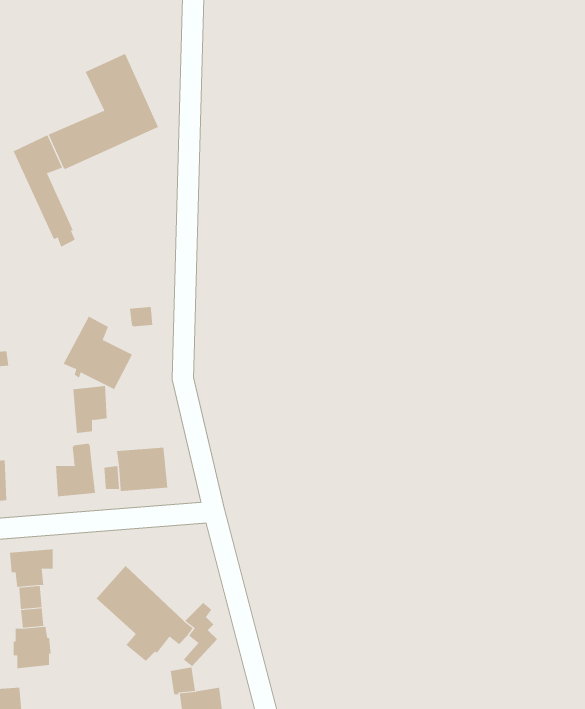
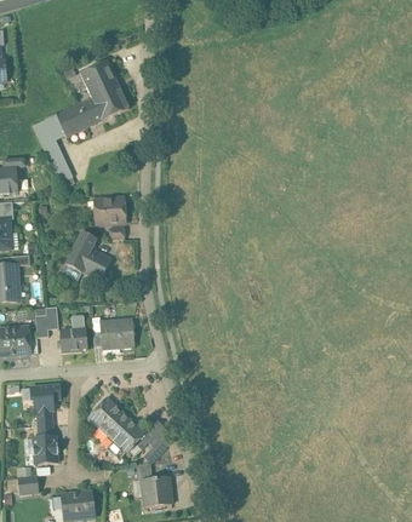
building: none -> [95,197,125,225]
building: [72,385,108,433] -> [35,306,58,338]

